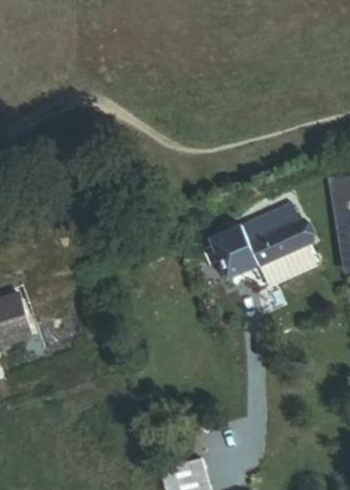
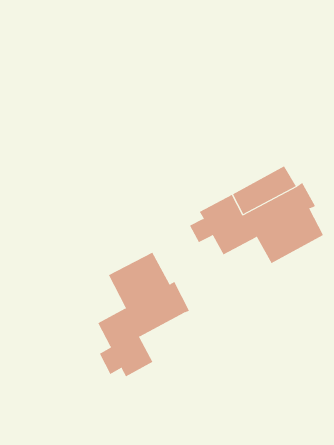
building: none -> [98,252,190,377]

